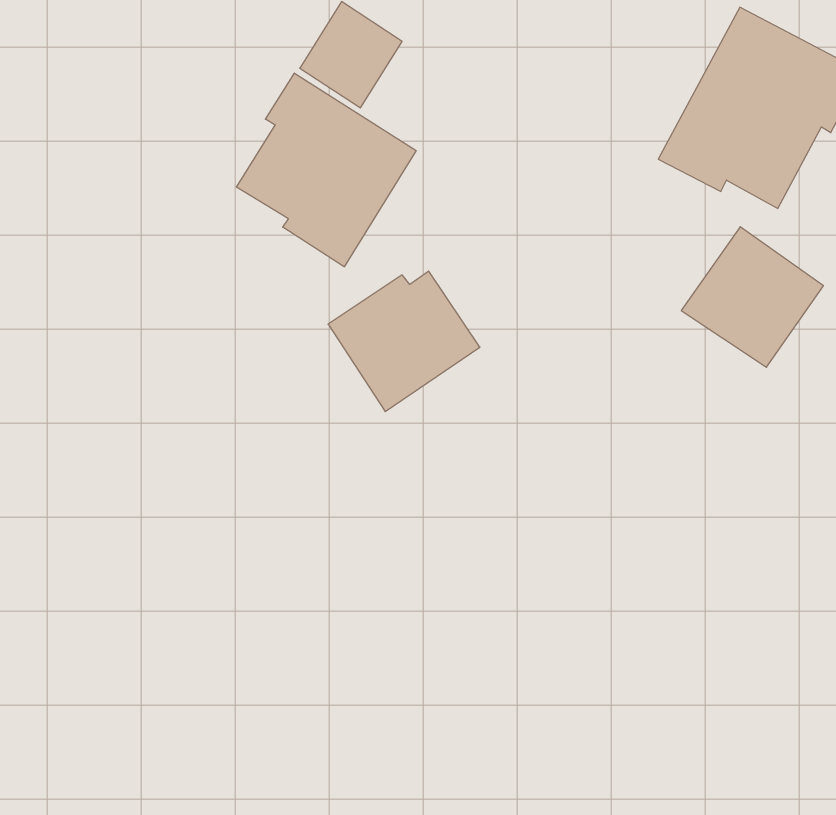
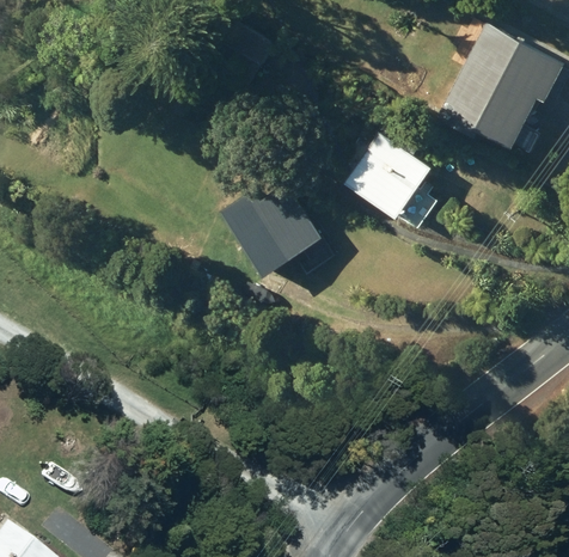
building: [237,73,416,267] -> none
building: [681,227,823,367] -> [343,130,433,219]

